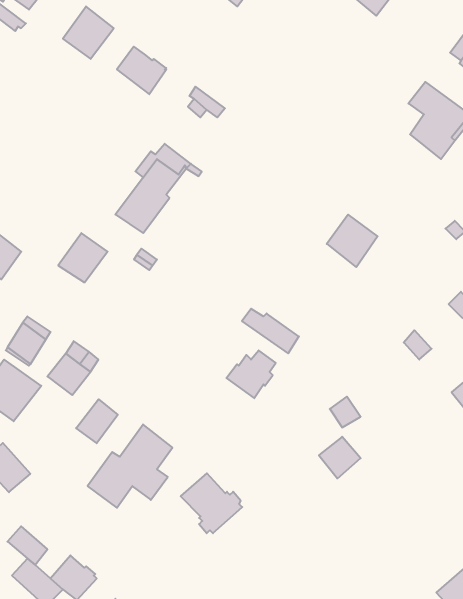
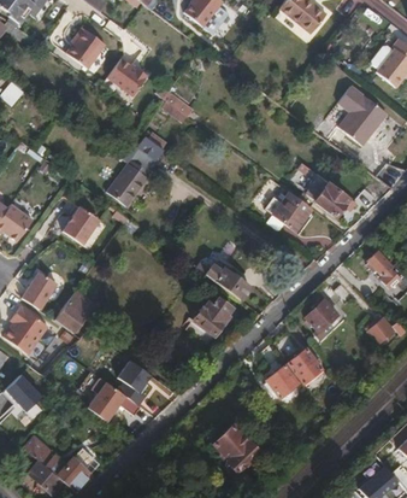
building: none -> [299,162,358,217]
building: none -> [306,298,338,334]
building: [76,399,118,443] -> none
building: none -> [288,347,322,382]
building: [181,473,242,533] -> [212,424,260,471]

